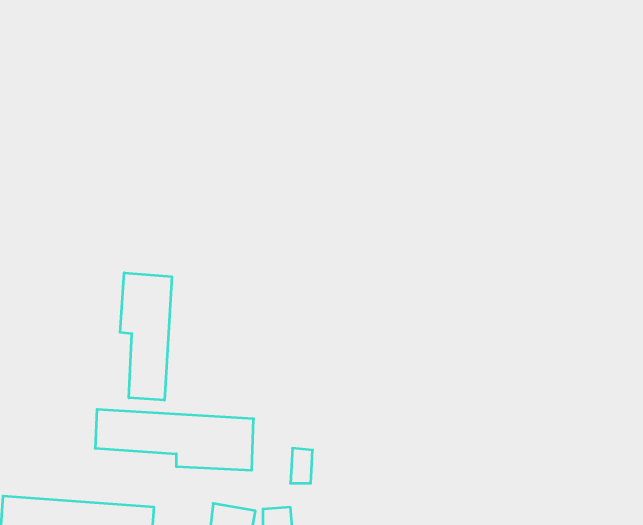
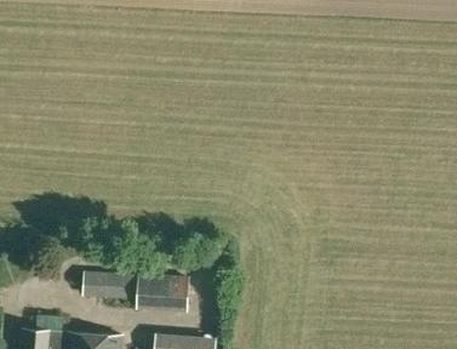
building: [120,273,172,400] -> none

